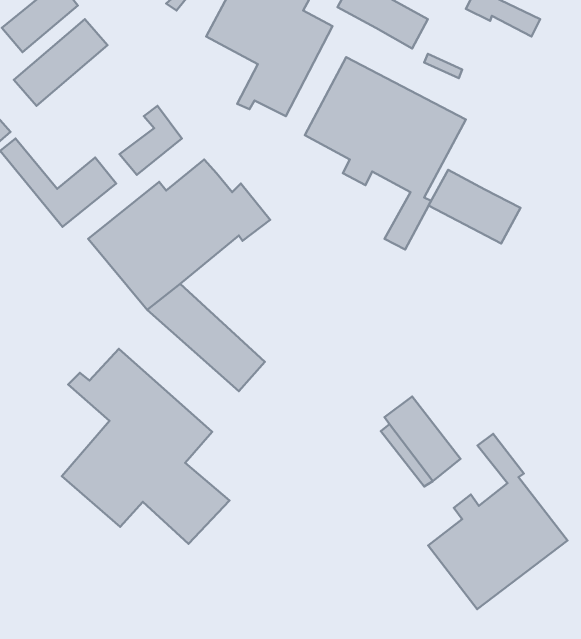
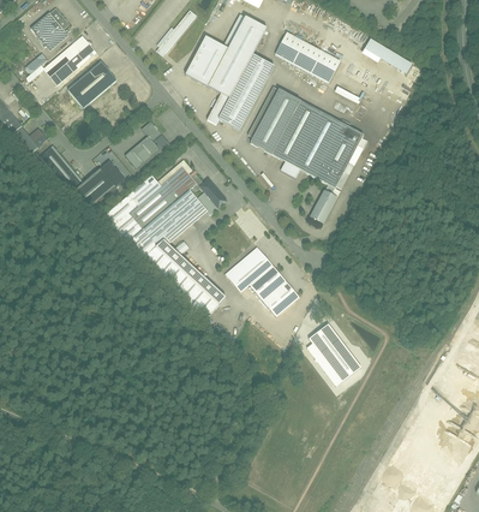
building: [429,170,521,243] -> none
building: none -> [224,245,300,316]
building: [62,349,229,544] -> none
building: [428,434,567,609] -> none

